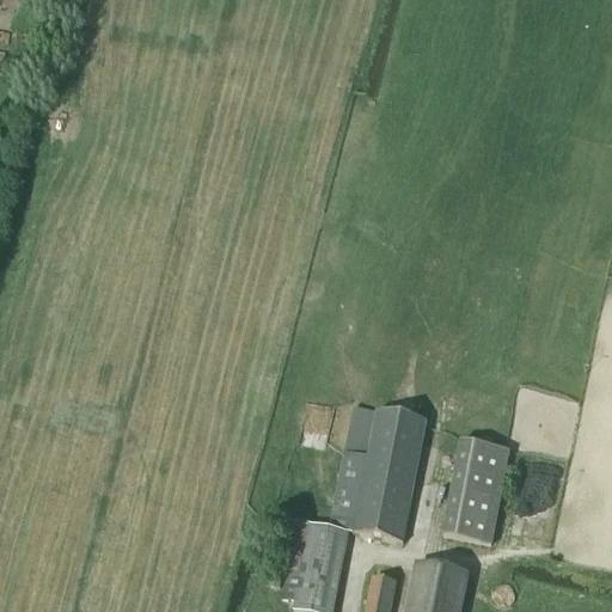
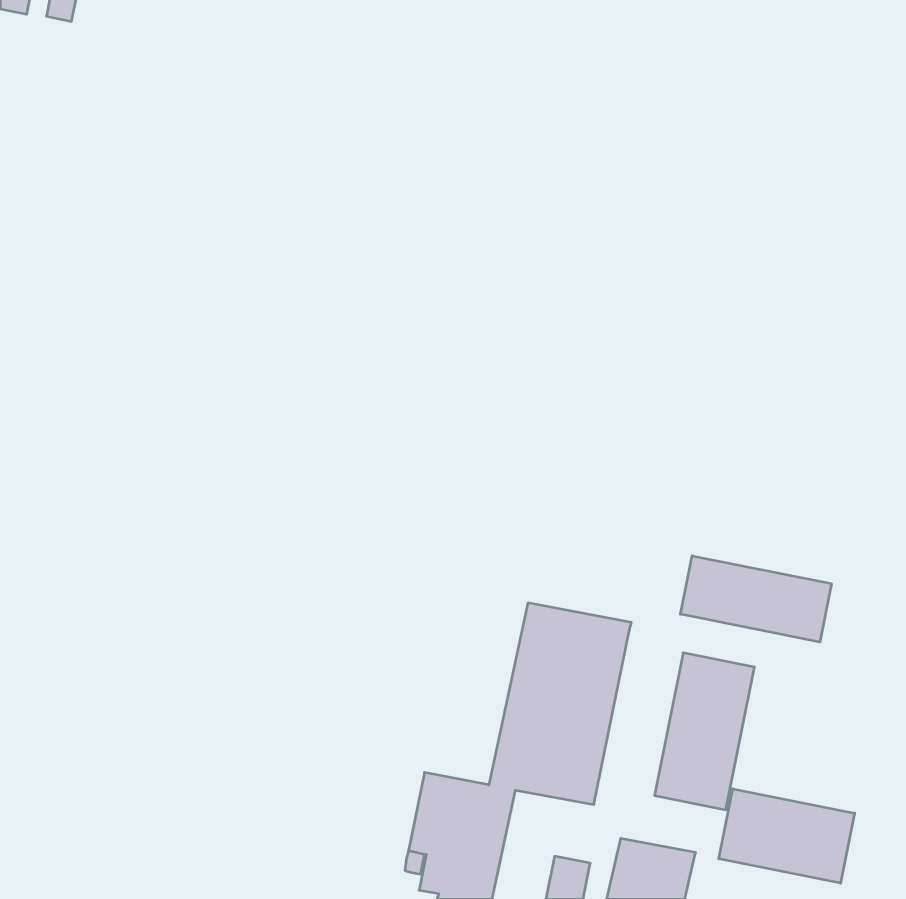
building: none -> [680,556,831,642]
building: none -> [719,789,855,883]

